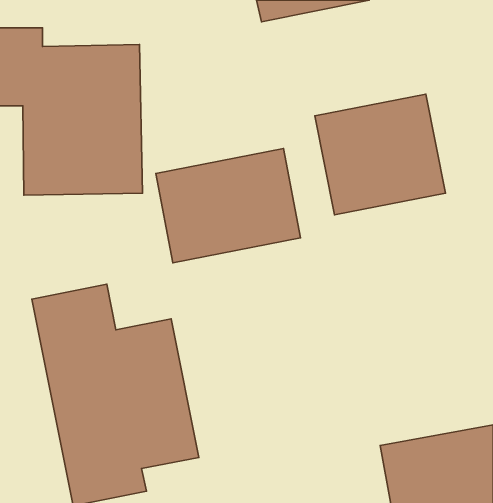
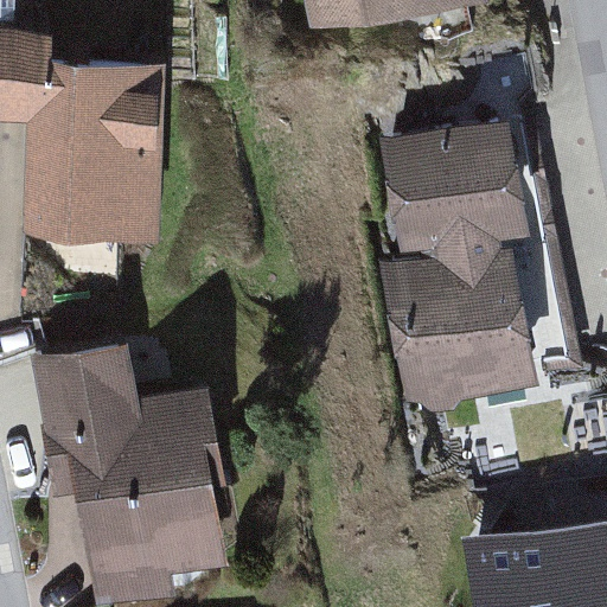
building: [156,148,301,263] -> none
building: none -> [371,243,550,416]

